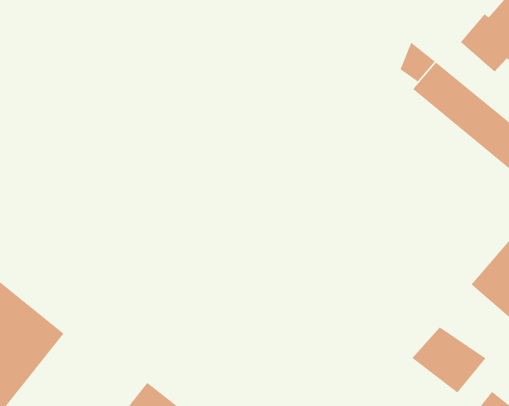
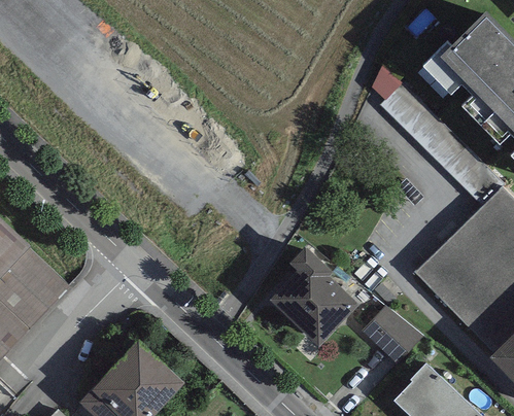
building: none -> [269,247,358,348]

